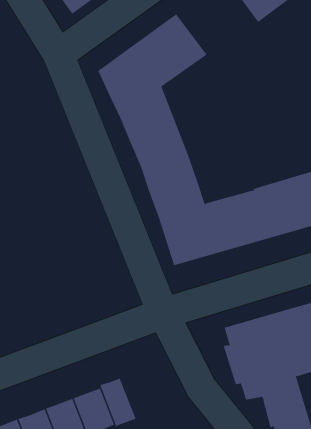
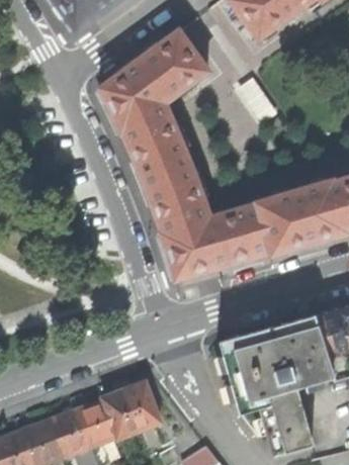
building: none -> [123,381,160,430]

